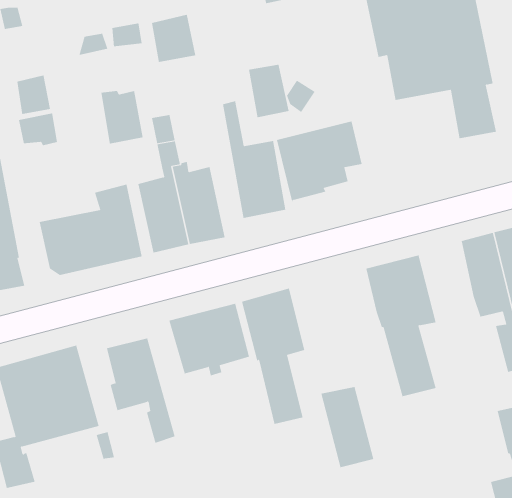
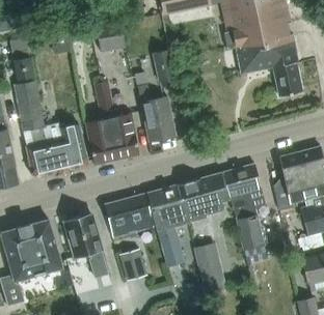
building: [100,91,144,144] -> [18,97,44,130]
building: [276,121,362,202] -> [178,173,230,222]
building: none -> [119,250,146,281]

